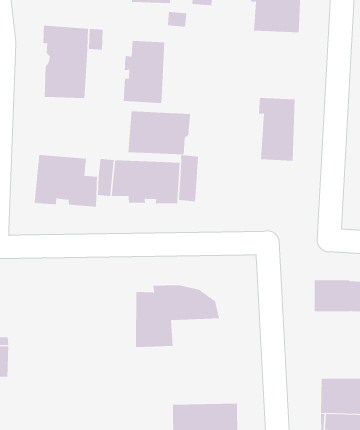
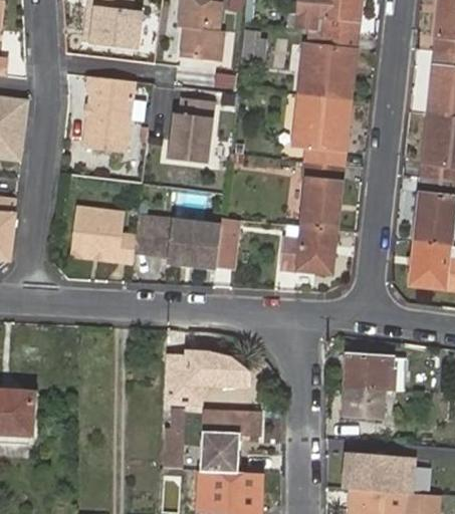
building: none -> [293,95,350,168]
building: [127,111,191,155] -> [268,224,335,272]
building: none -> [345,386,385,418]
building: none -> [202,415,260,472]

